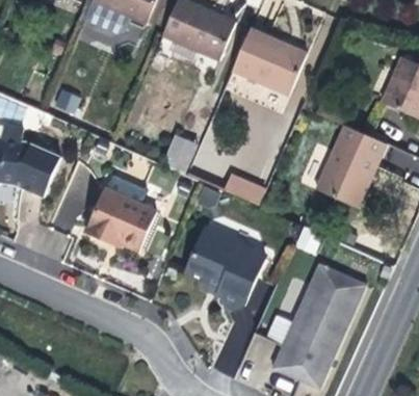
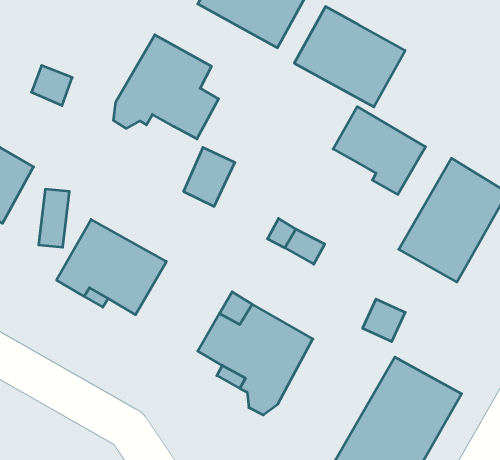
building: none -> [113,35,219,139]
building: none -> [333,107,426,194]

